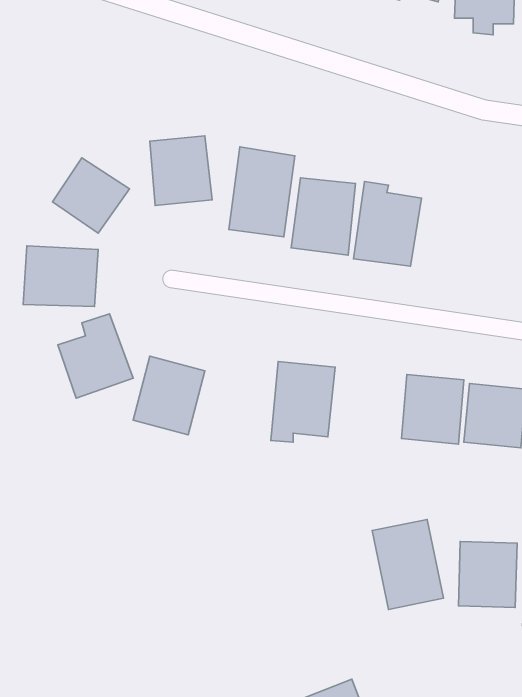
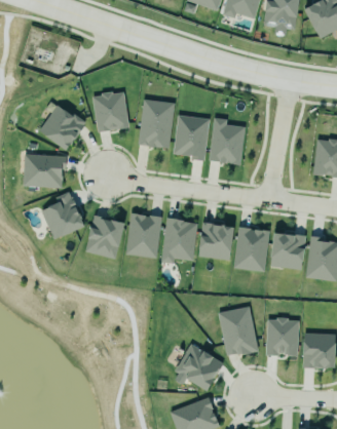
building: none -> [125,213,161,258]
building: none -> [198,224,233,260]
building: none -> [175,344,223,387]

